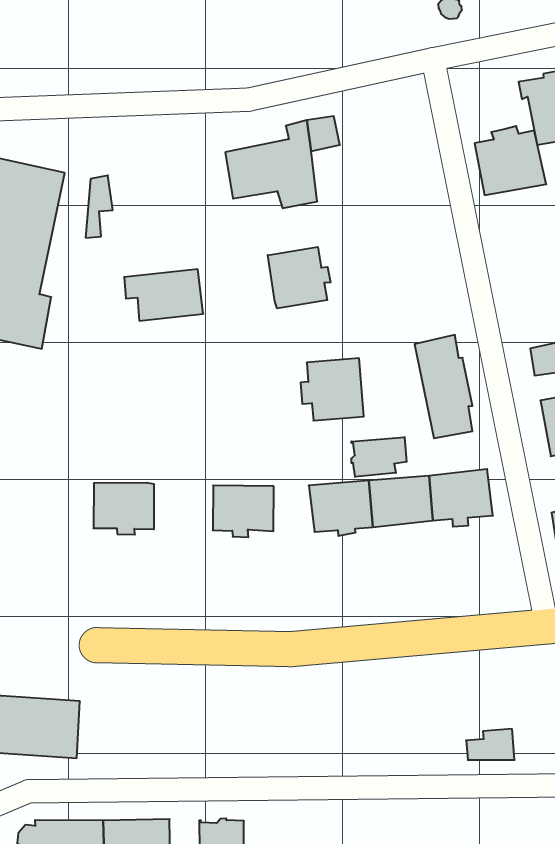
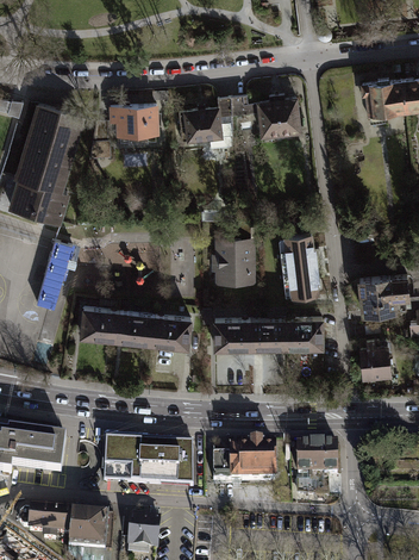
building: [475,126,546,195] -> [258,93,300,133]
building: [268,247,331,308] -> none
building: [124,269,203,321] -> [111,104,157,132]
building: [351,437,406,477] -> none
building: none -> [118,310,156,341]
building: none -> [298,443,337,473]
building: none -> [213,443,275,481]
building: none -> [104,440,193,485]

